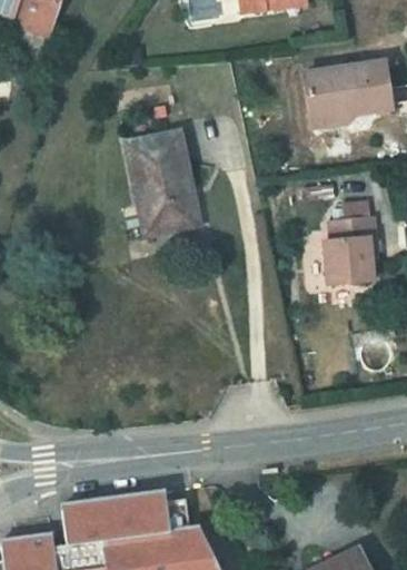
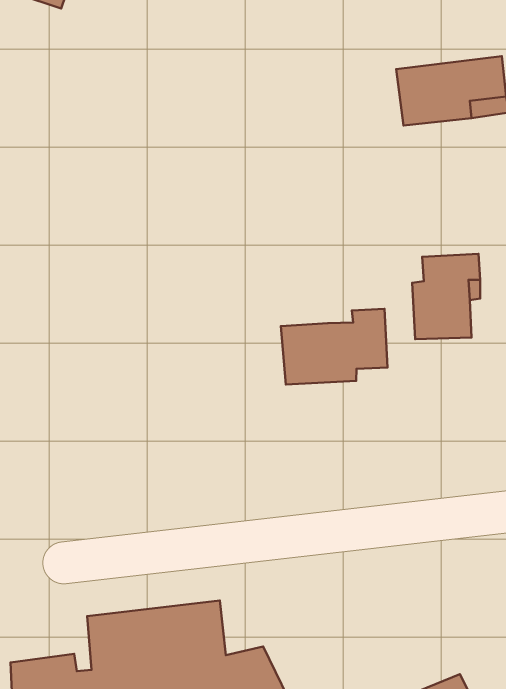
building: [126,136,191,235] -> none
building: none -> [281,309,387,385]

